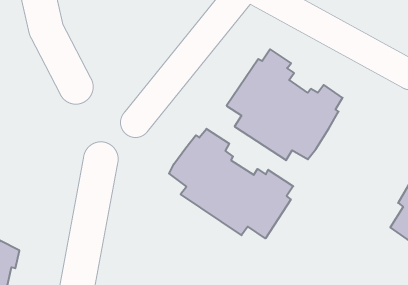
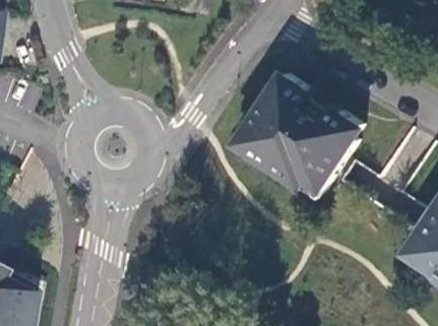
building: [169,129,293,238] -> none

